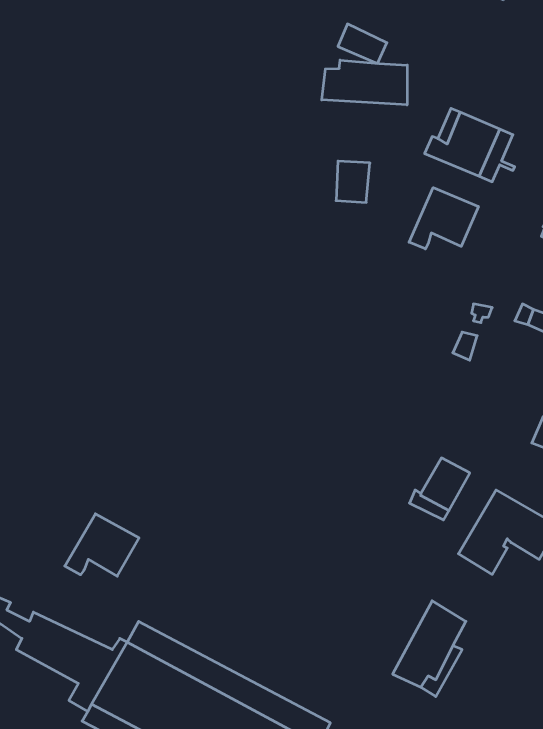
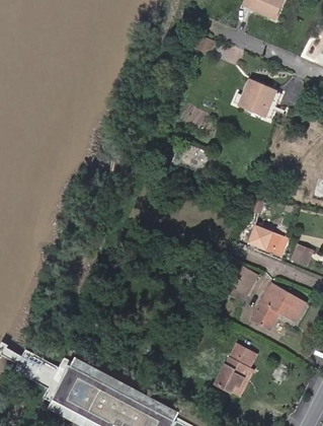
building: [322,60,407,105] -> none
building: [409,188,478,249] -> none
building: none -> [249,226,286,254]
building: [65,514,139,576] -> none

